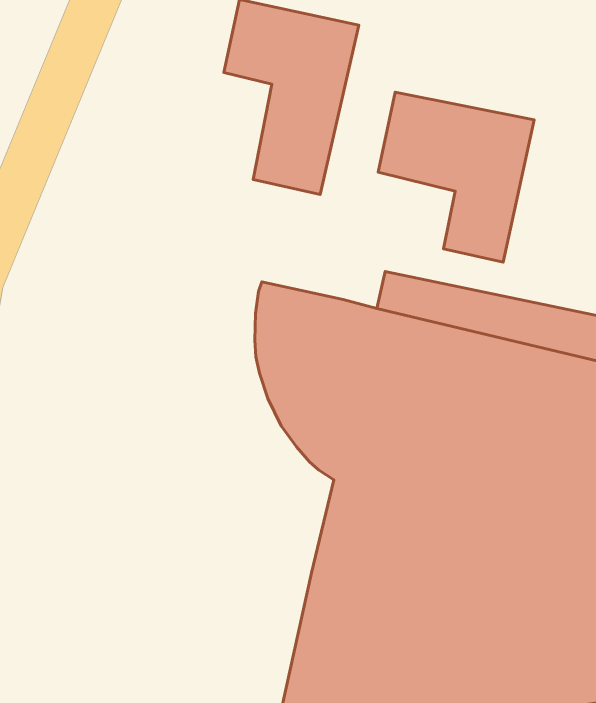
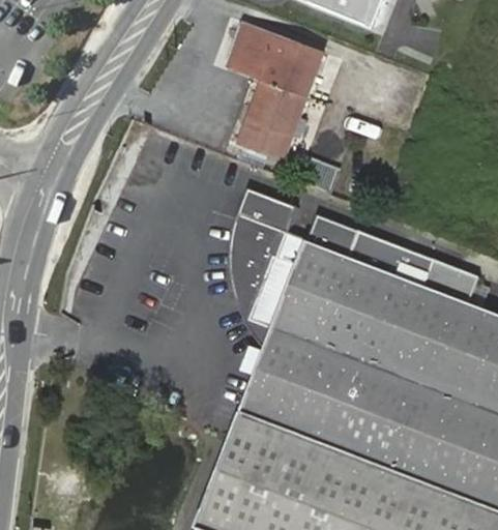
building: [378,92,534,262] -> none
building: none -> [236,189,298,234]

